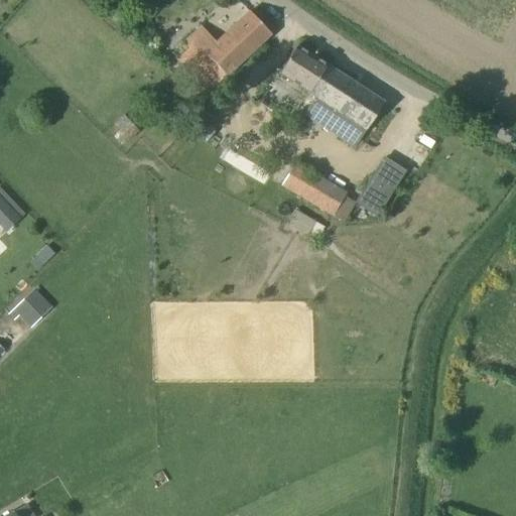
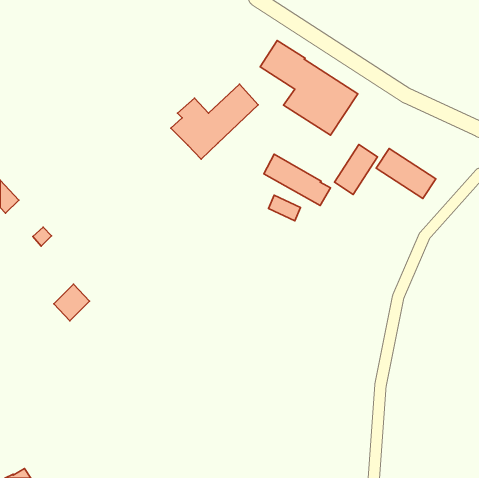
building: [177,10,271,91] -> [171,84,258,159]
building: none -> [376,148,436,199]
building: [14,286,52,326] -> [54,284,89,321]

